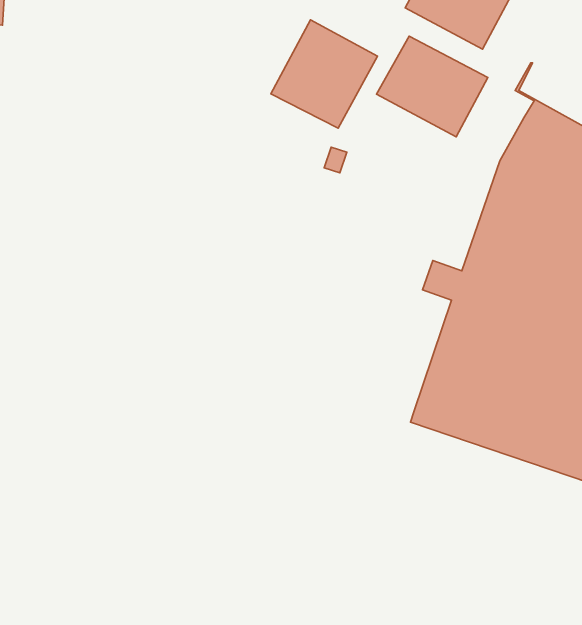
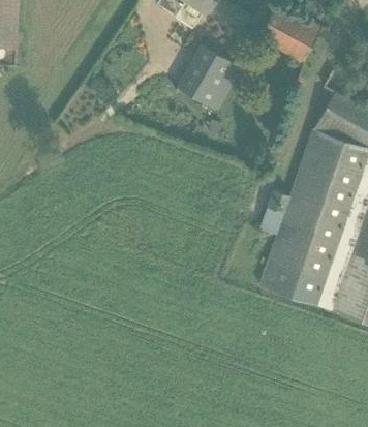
building: [377,36,488,137] -> none

